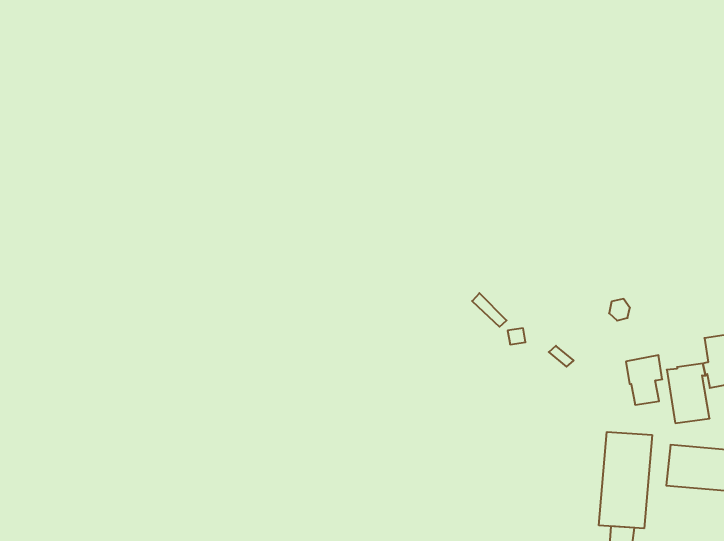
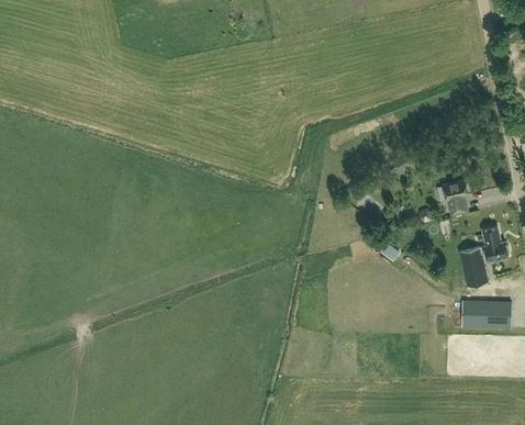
building: [626,355,662,405] -> [443,180,467,213]
building: [599,432,652,528] -> none

